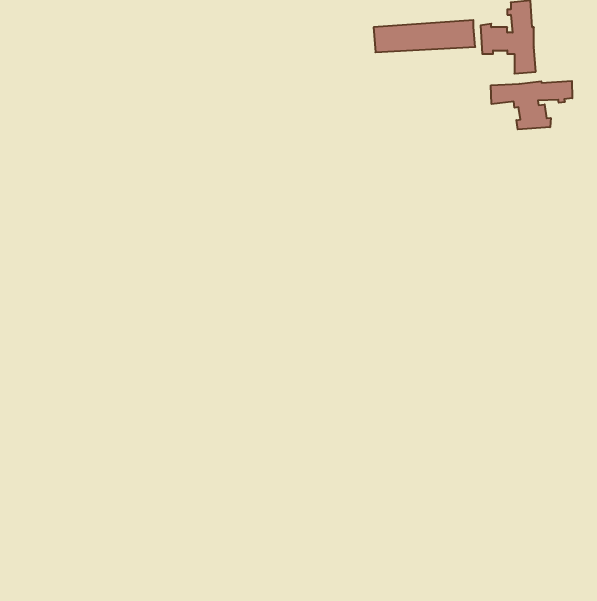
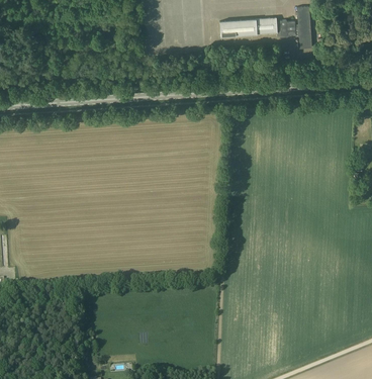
building: [491,81,572,129] -> none

